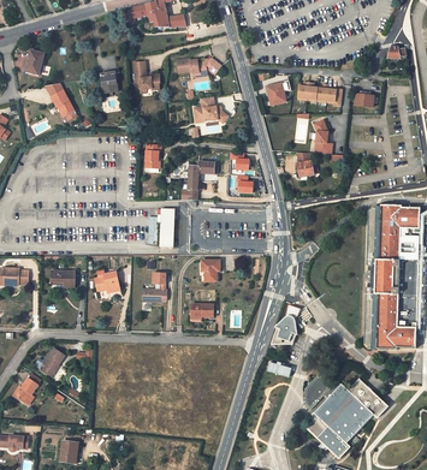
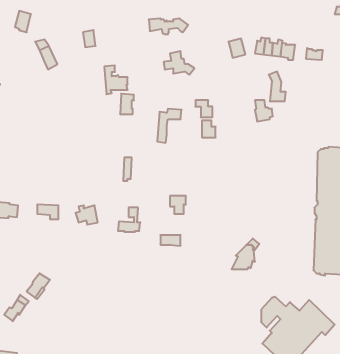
building: [134,61,160,94] -> [104,66,128,94]
building: [156,208,174,246] -> none

